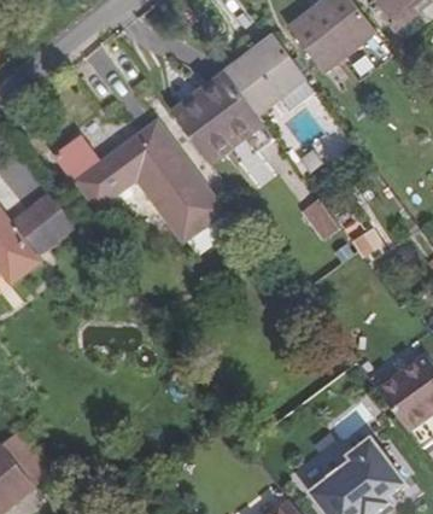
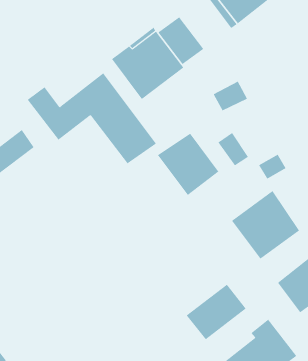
building: [252,35,304,92] -> none
building: none -> [157,133,219,196]
building: none -> [231,190,300,259]
building: none -> [186,284,247,340]

